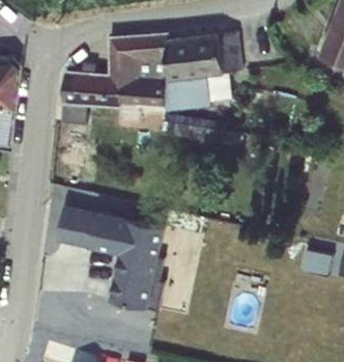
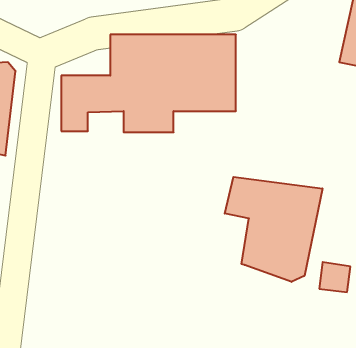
building: none -> [225,177,322,282]
building: [57,197,173,315] -> none

